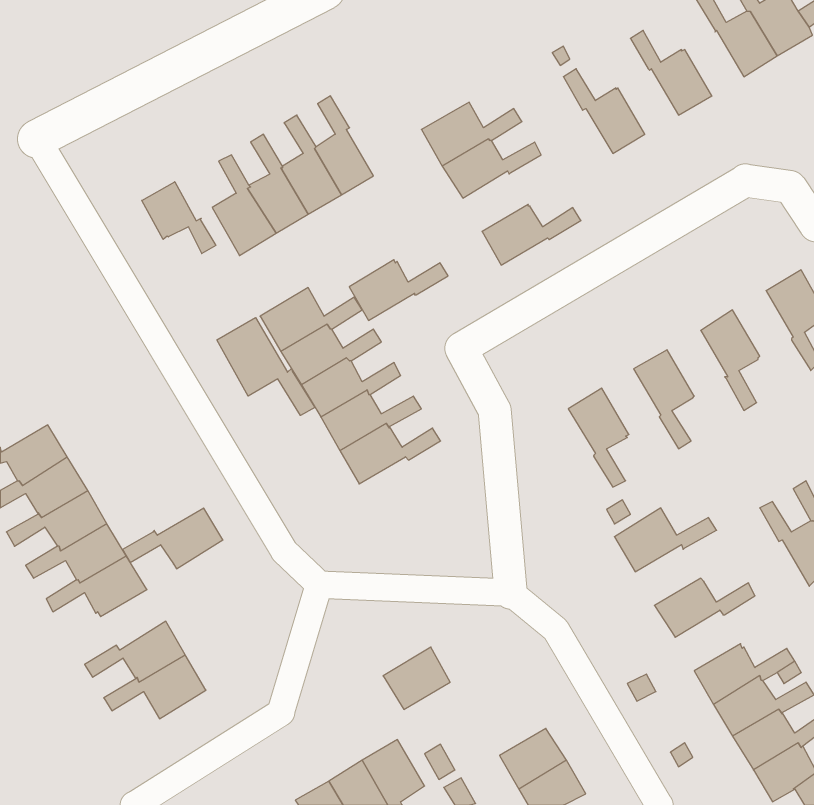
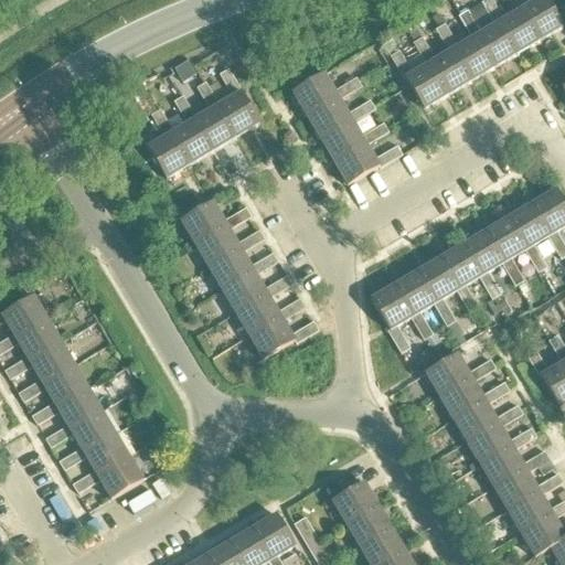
building: none -> [459,8,515,66]
building: none -> [414,34,470,93]
building: [142,182,216,254] -> none
building: [349,260,448,320] -> [321,118,390,160]
building: none -> [508,201,550,269]
building: [217,318,315,415] -> none
building: none -> [462,228,504,297]
building: none -> [417,255,458,323]
building: none -> [371,282,413,351]
building: none -> [249,316,319,356]
building: [122,508,223,569] -> [46,407,116,449]
building: none -> [440,376,510,418]
building: none -> [468,422,537,463]
building: [383,647,450,709] -> [332,479,379,522]

